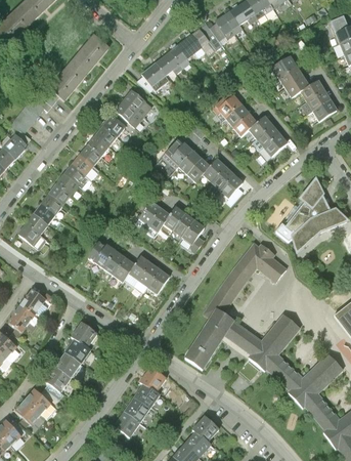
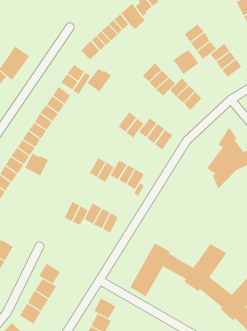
building: [70,35,108,76] -> none
building: none -> [173,49,199,75]
building: [167,140,198,169] -> [87,68,112,92]
building: [92,241,122,269] -> [24,153,49,176]
building: [208,241,284,313] -> none

